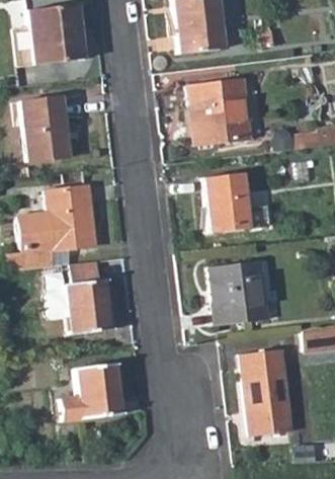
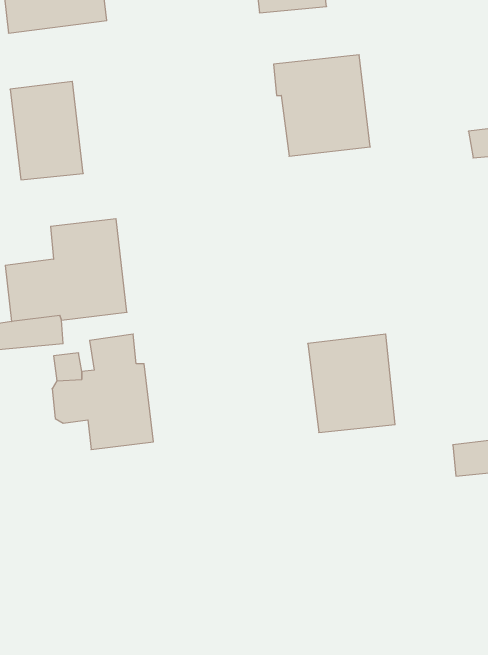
building: [207,172,252,231] -> none
building: [243,349,294,435] -> none
building: [64,364,123,420] -> none

